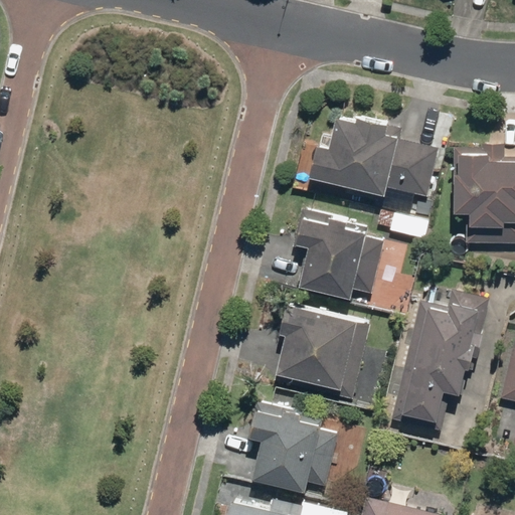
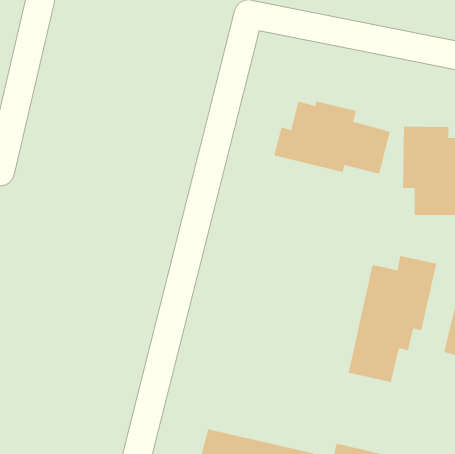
building: [295,210,369,301] -> none
building: [276,304,359,391] -> none
building: [248,403,326,495] -> none

